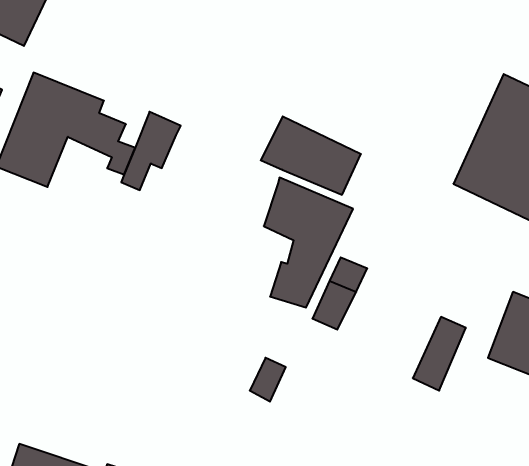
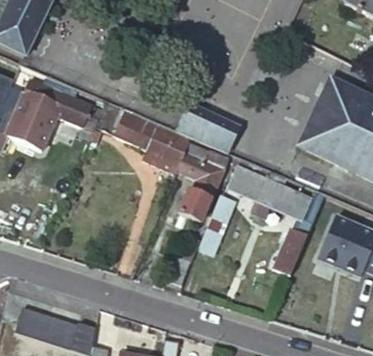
building: none -> [113,113,187,176]
building: none -> [234,167,311,219]

